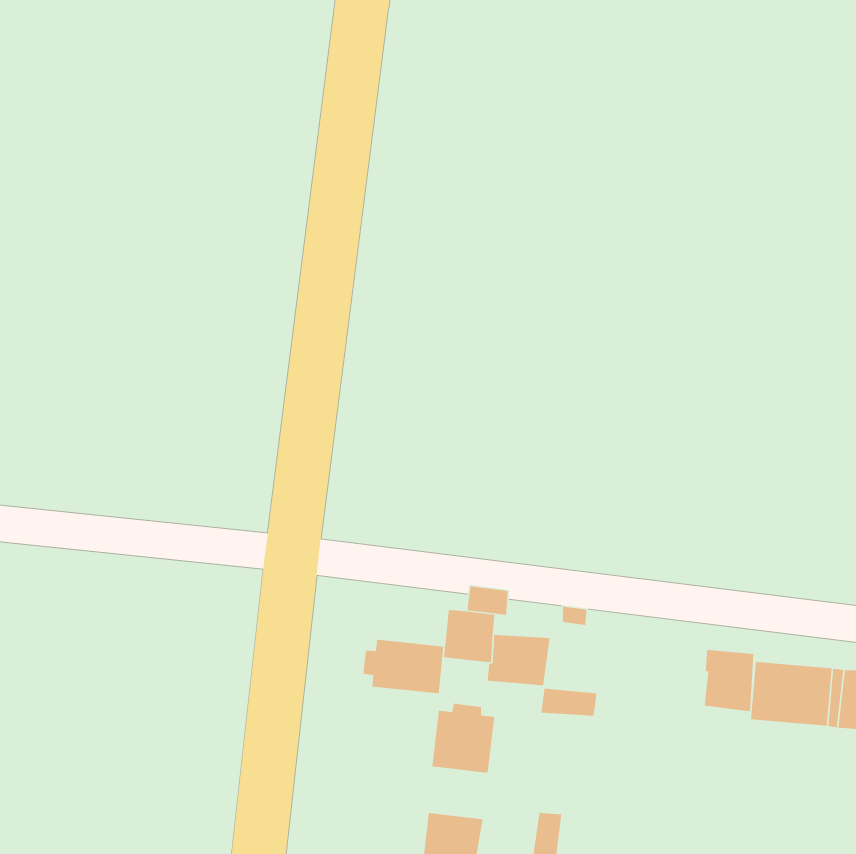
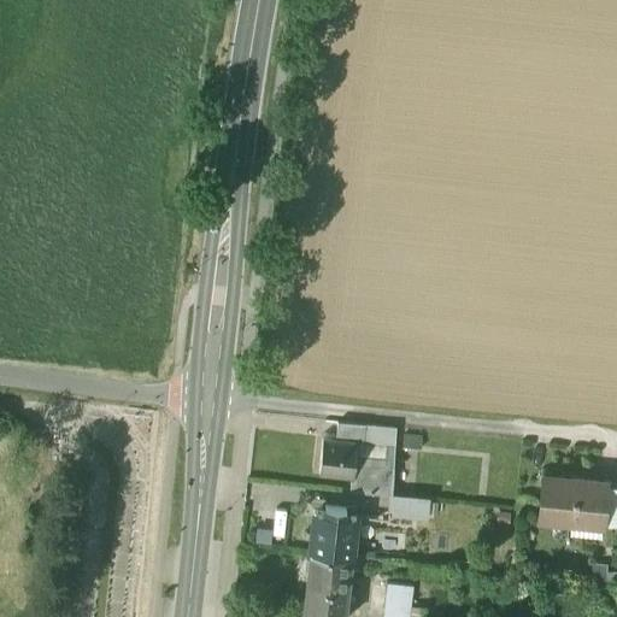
building: none -> [355,427,398,460]
building: [363,639,444,694] -> none
building: [704,649,754,712] -> none
building: none -> [308,553,352,590]

